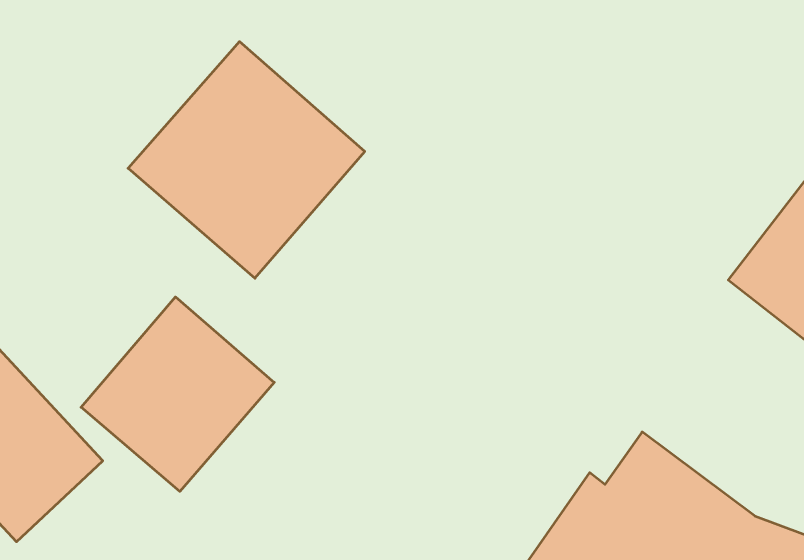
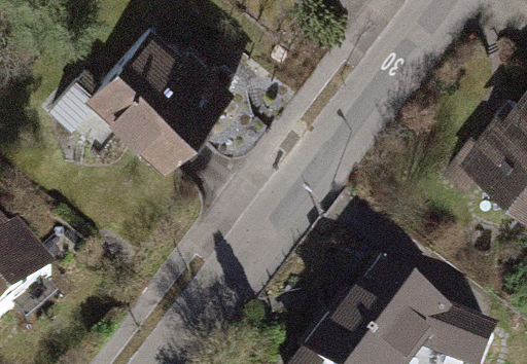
building: [81,297,274,491] -> none

